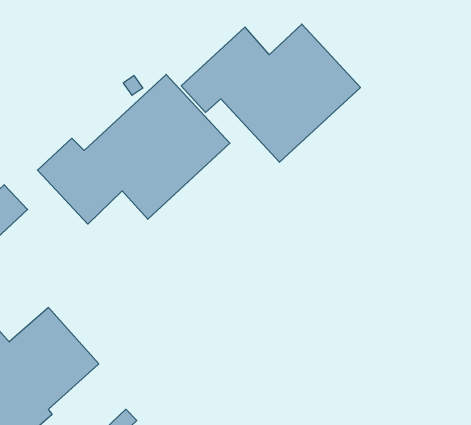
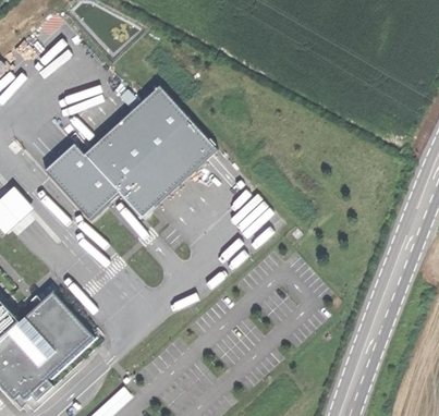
building: [181,24,360,162] -> none

